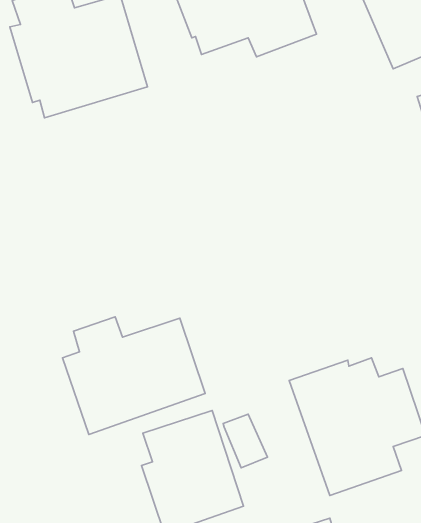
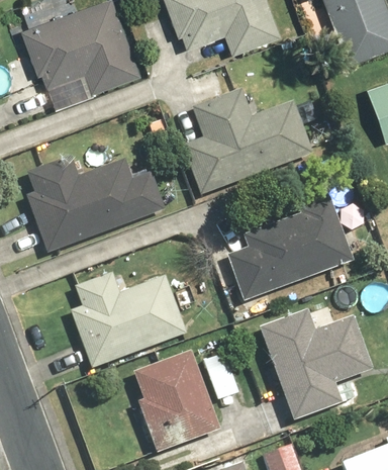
building: none -> [182,90,317,196]
building: none -> [25,155,164,252]
building: none -> [227,198,354,301]

